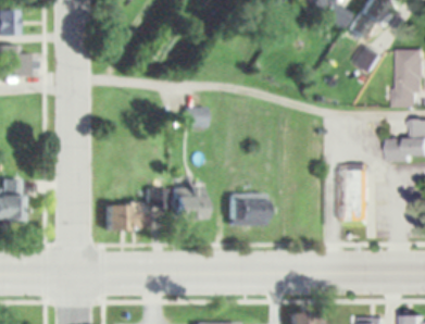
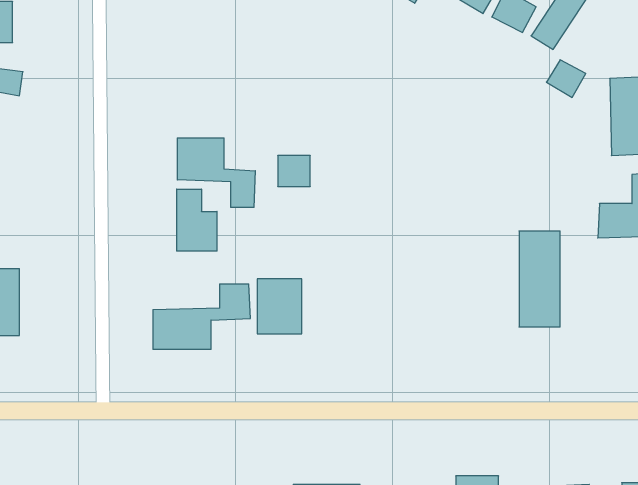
building: none -> [177,138,255,207]
building: none -> [177,189,217,251]
building: [232,192,265,222] -> none

